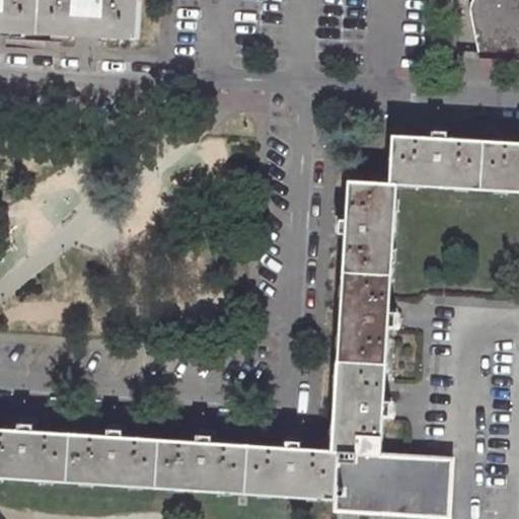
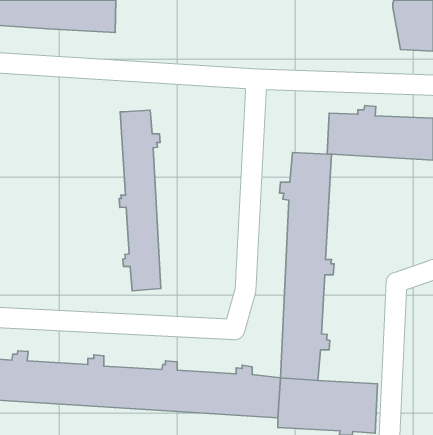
building: none -> [119,110,161,291]

